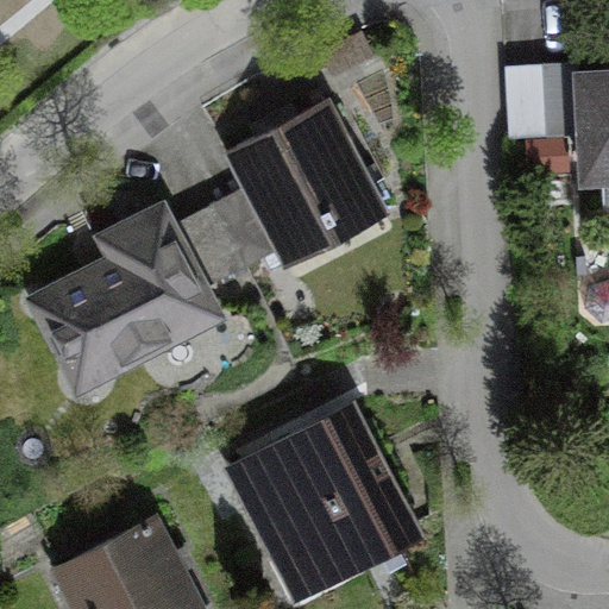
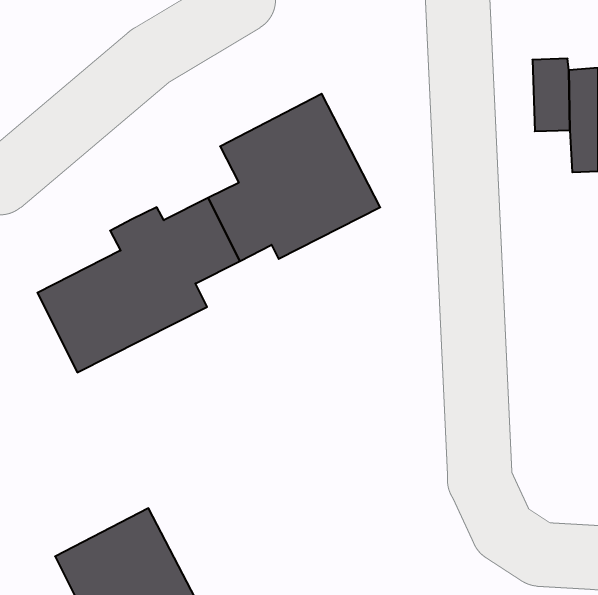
building: [240,413,415,584] -> none

